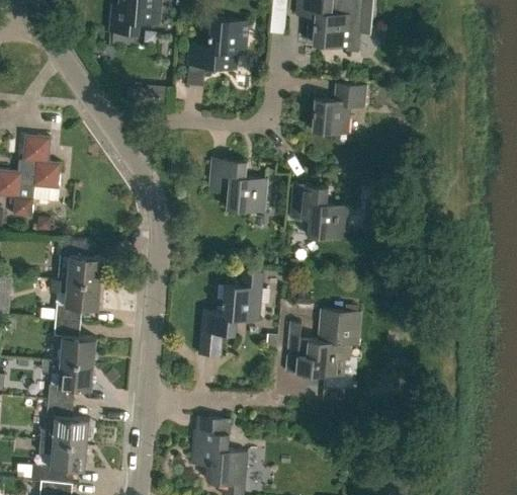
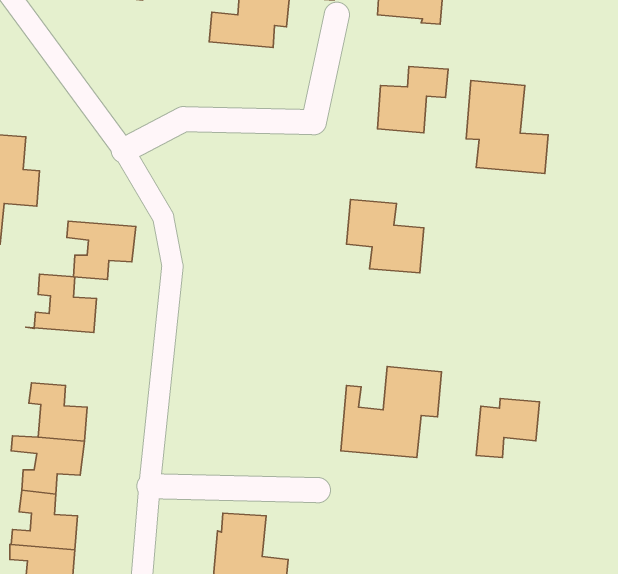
building: none -> [466,80,548,174]
building: [209,159,266,213] -> none
building: [199,271,263,356] -> none
building: [51,279,102,323] -> [67,221,136,279]
building: none -> [476,399,539,458]

